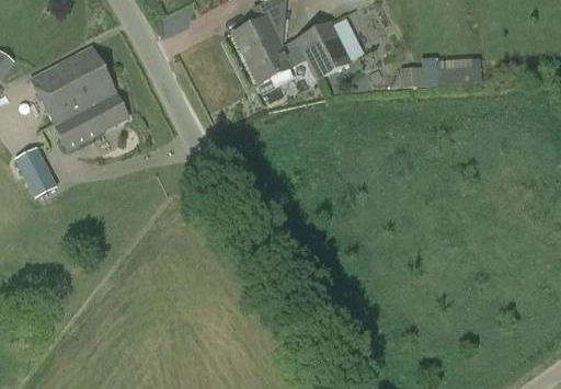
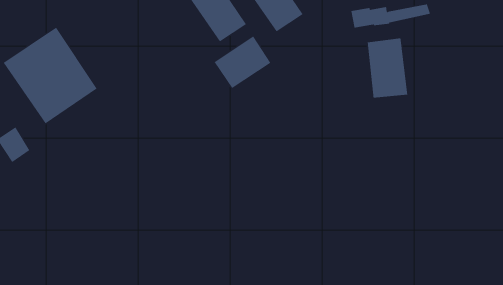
building: none -> [214,36,271,89]
building: none -> [367,37,408,99]

